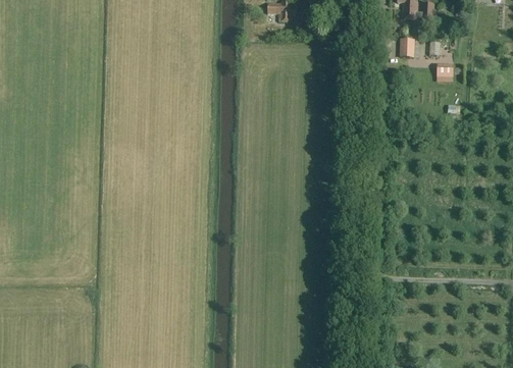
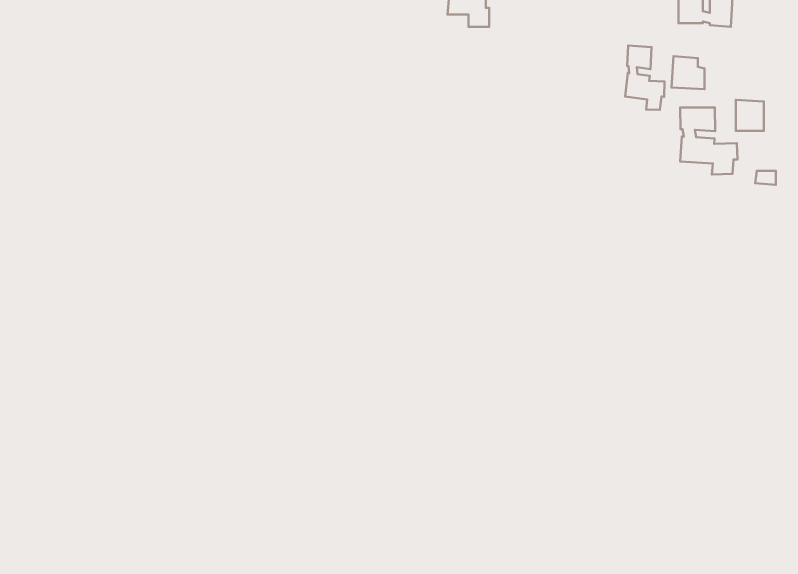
building: none -> [625,46,664,110]
building: none -> [680,107,738,174]

